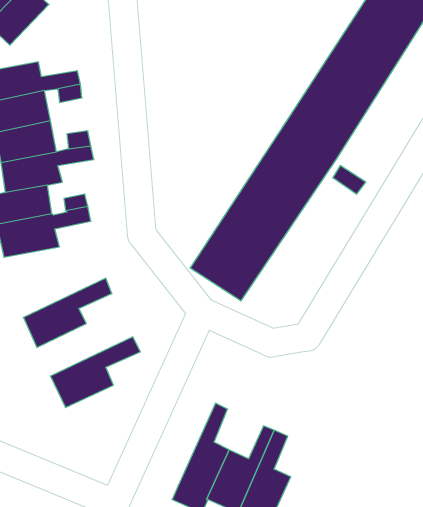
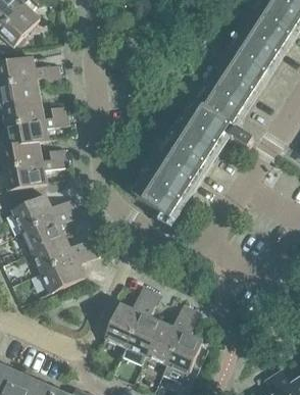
building: none -> [11,196,77,232]
building: none -> [30,236,95,271]
building: none -> [105,287,151,346]

